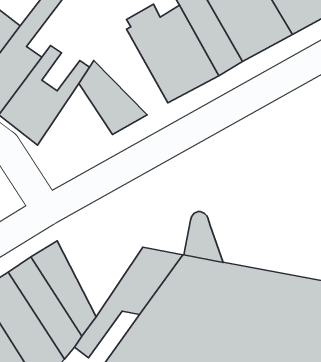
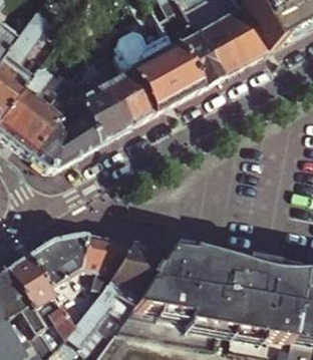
building: none -> [88,51,156,120]
building: none -> [36,91,105,161]
building: none -> [54,235,133,307]

